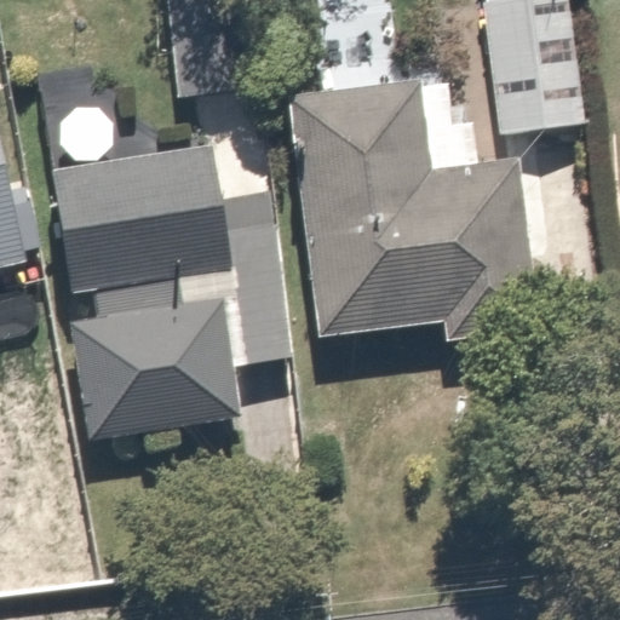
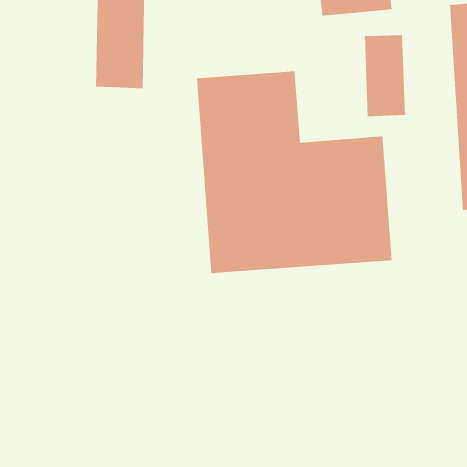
building: [44,168,216,299] -> none
building: [68,328,212,463] -> none

